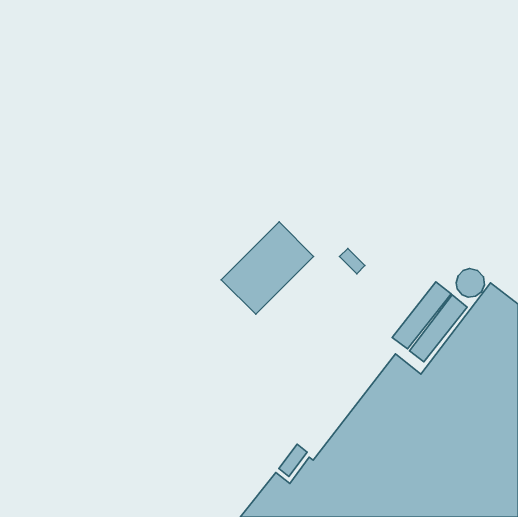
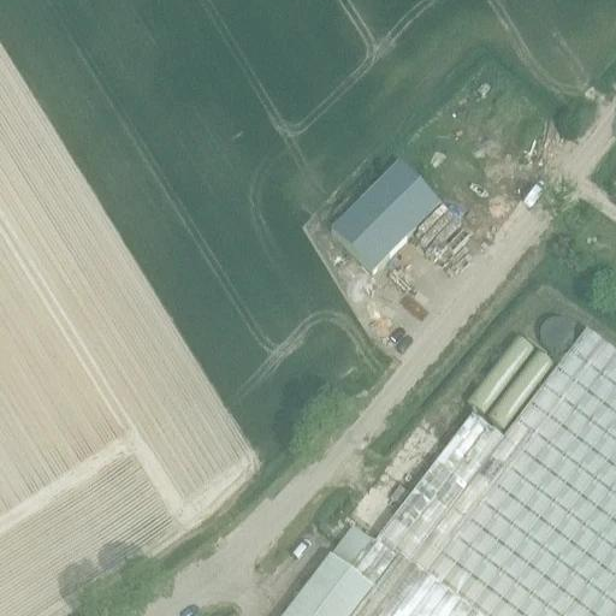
building: [221,222,313,314] -> [331,166,440,276]

